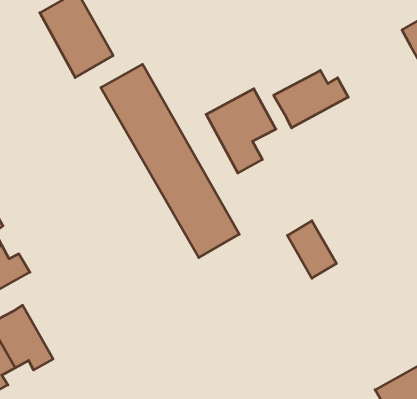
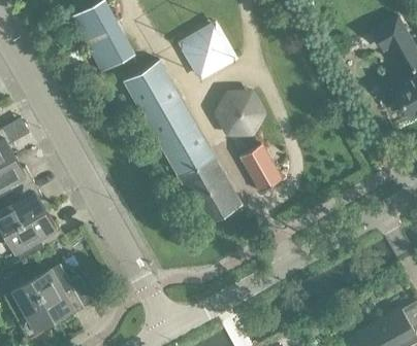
building: none -> [180,19,239,78]
building: [274,70,348,128] -> none
building: [287,221,336,278] -> [239,145,281,194]

